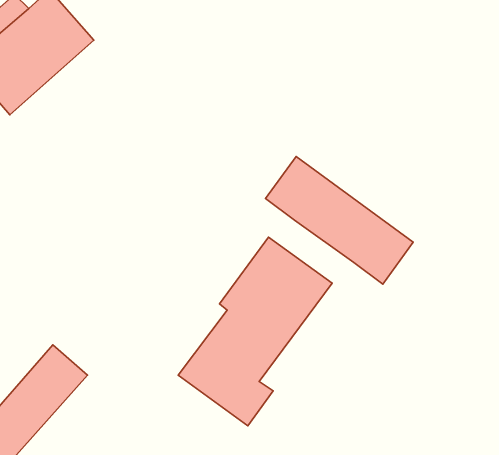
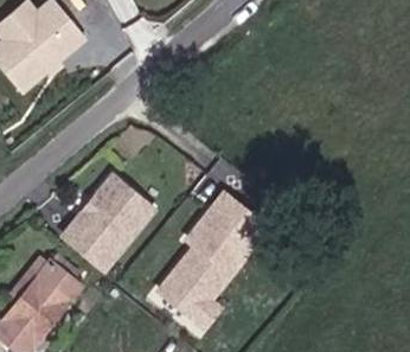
building: [266,156,413,284] -> none
building: none -> [63,173,152,265]

